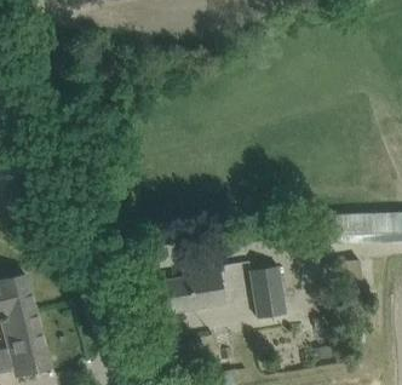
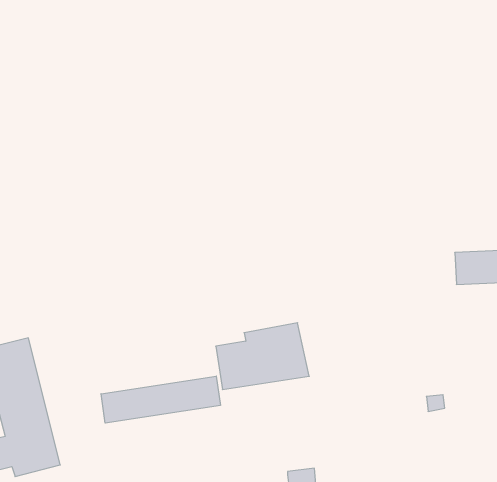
building: [251,266,286,317] -> none
building: none -> [101,376,220,423]

